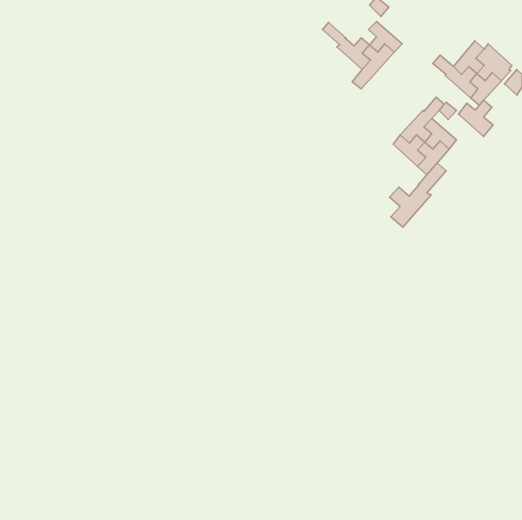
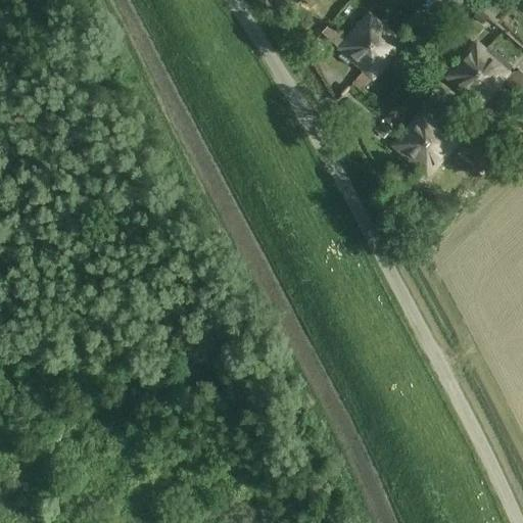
building: none -> [344,13,376,46]
building: [458,100,493,136] -> none
building: [390,163,446,227] -> none

